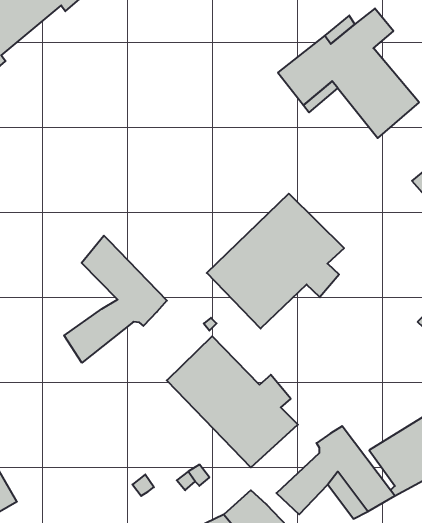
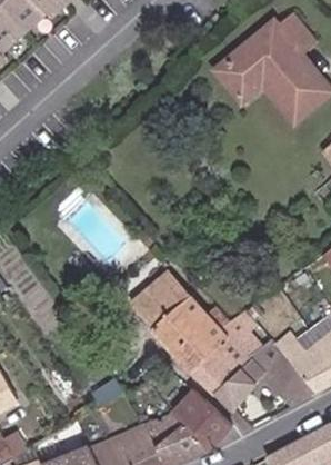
building: [207,194,344,329] -> none
building: [64,236,167,363] -> none
building: none -> [197,317,259,394]

